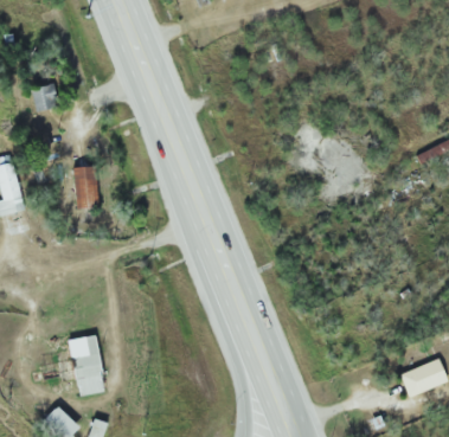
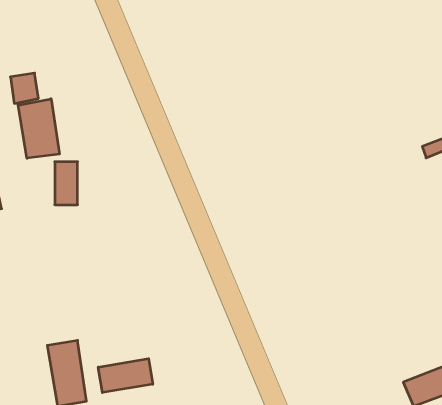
building: none -> [18,99,59,158]
building: none -> [98,359,153,393]

